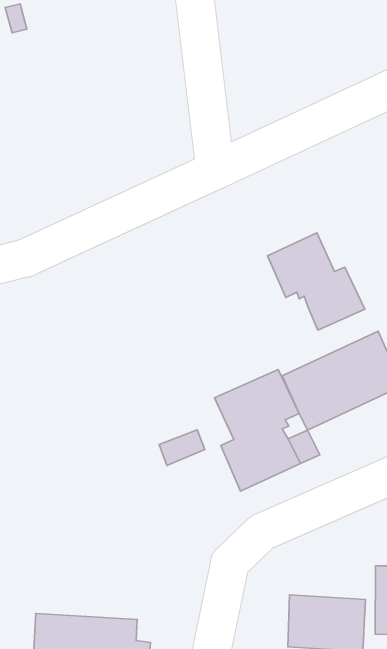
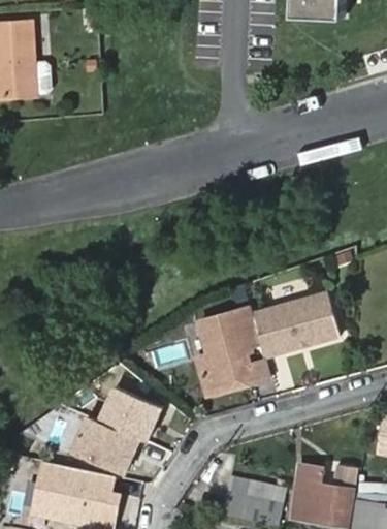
building: [268,233,365,330] -> none
building: none -> [69,384,163,474]

